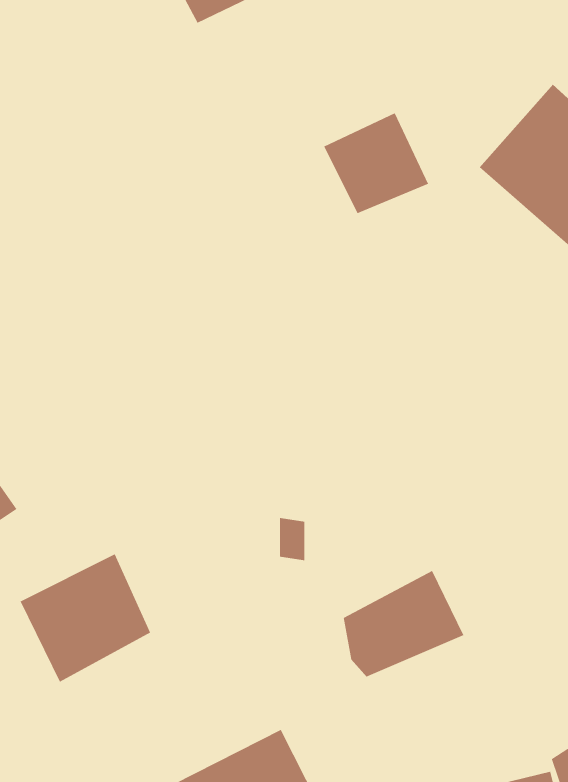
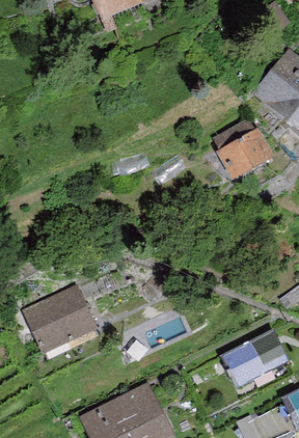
building: [323,112,429,214] -> [216,124,271,176]
building: [343,570,465,678] -> [225,329,289,385]

